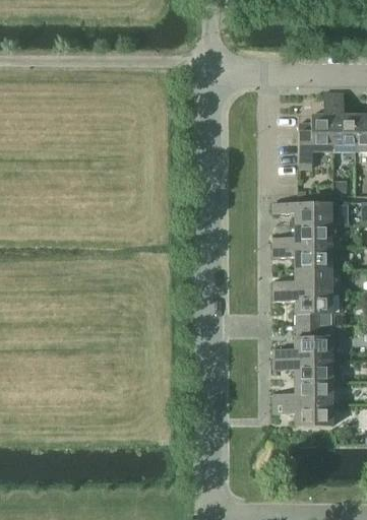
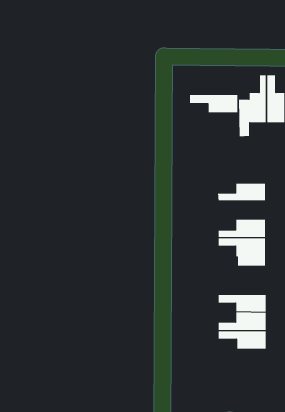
building: [273,202,332,224] -> [189,94,238,113]
building: [274,246,332,268] -> none
building: [274,325,343,360] -> none

